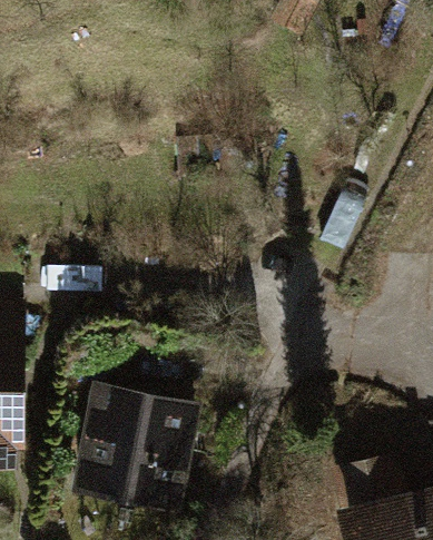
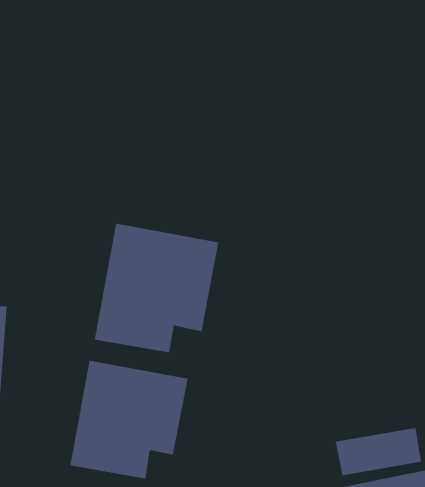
building: none -> [94,223,219,353]

